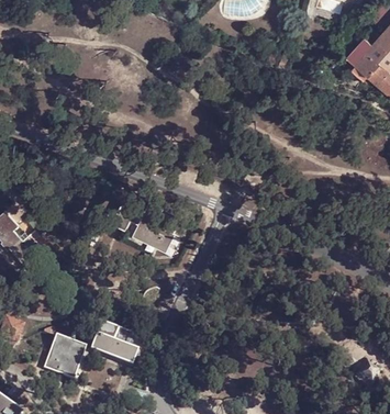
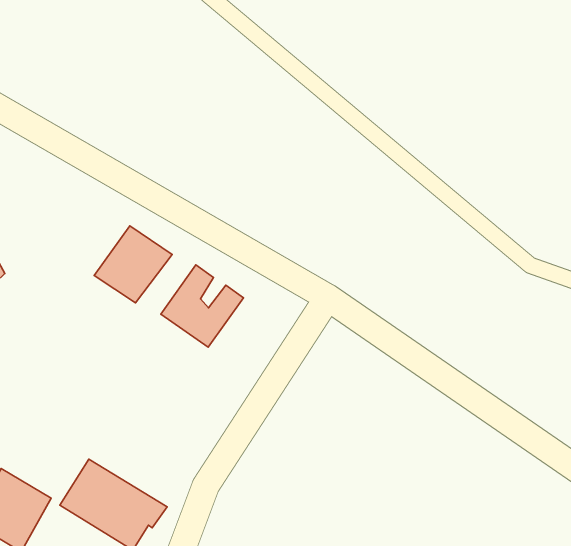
building: none -> [94,226,172,303]

